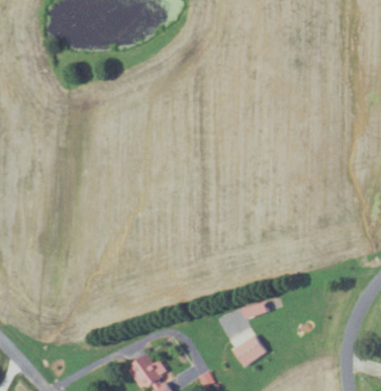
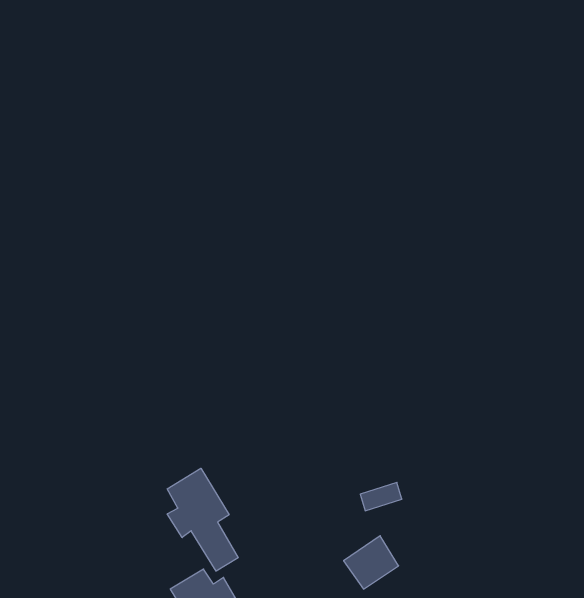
building: none -> [167,468,238,571]

